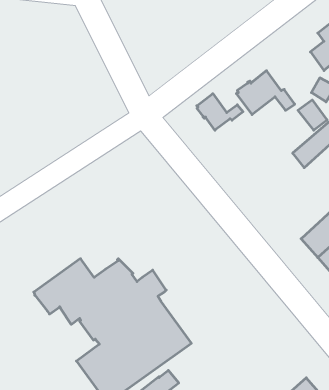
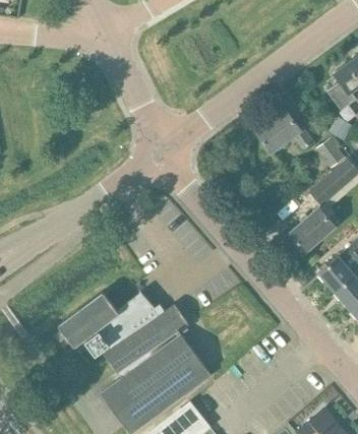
building: [197,94,243,130] -> none
building: none -> [289,204,335,253]

